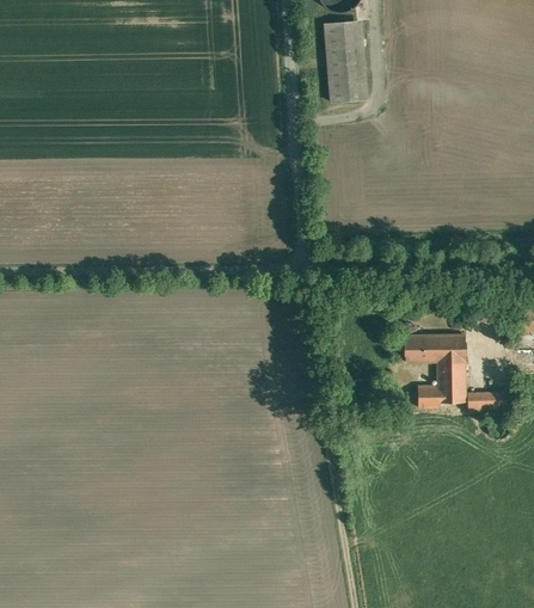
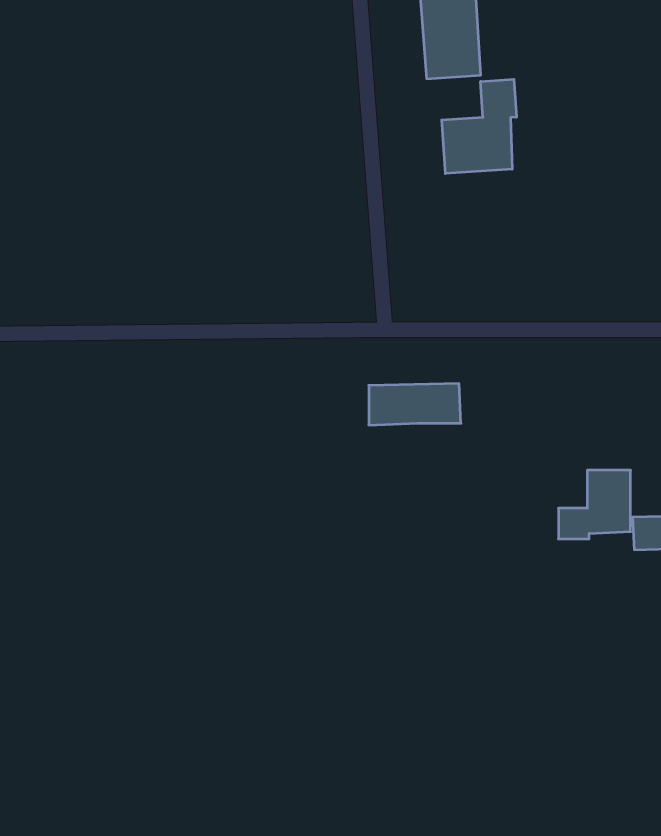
building: none -> [442,79,516,174]
building: [405,333,466,361] -> [369,384,461,425]

